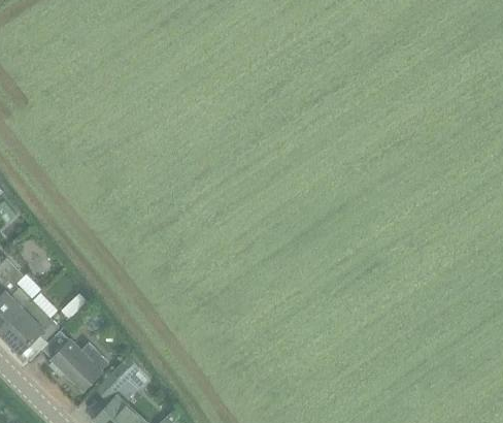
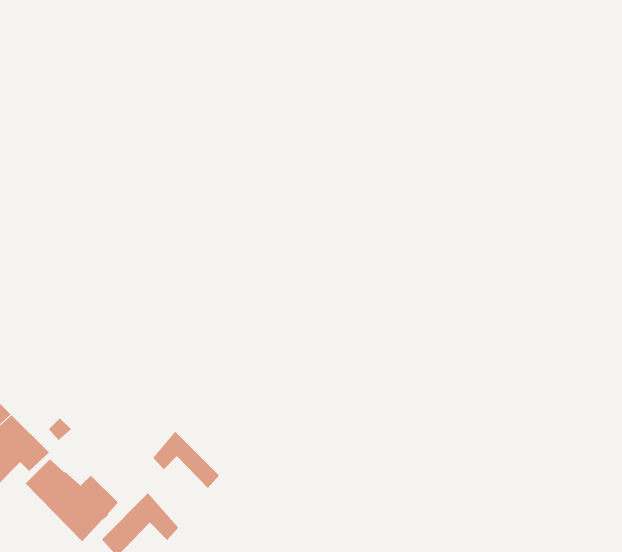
building: none -> [152,431,220,489]

